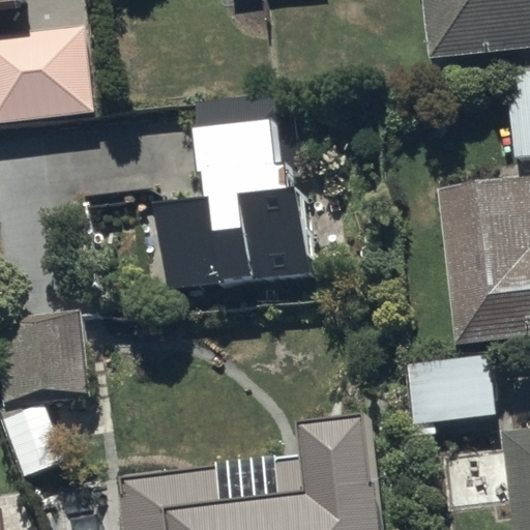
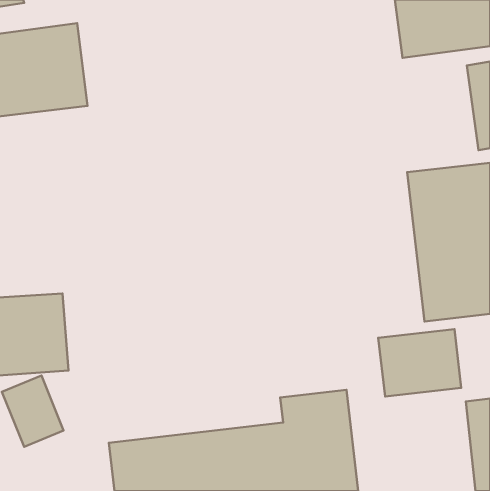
building: [156,94,312,291] -> none

